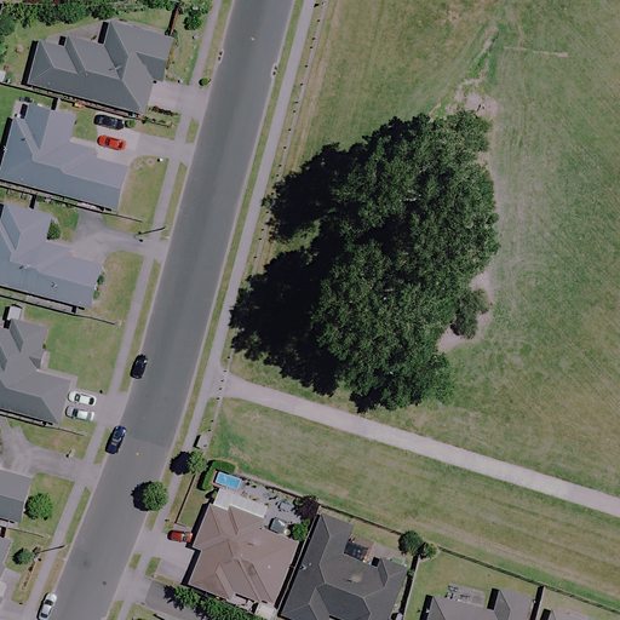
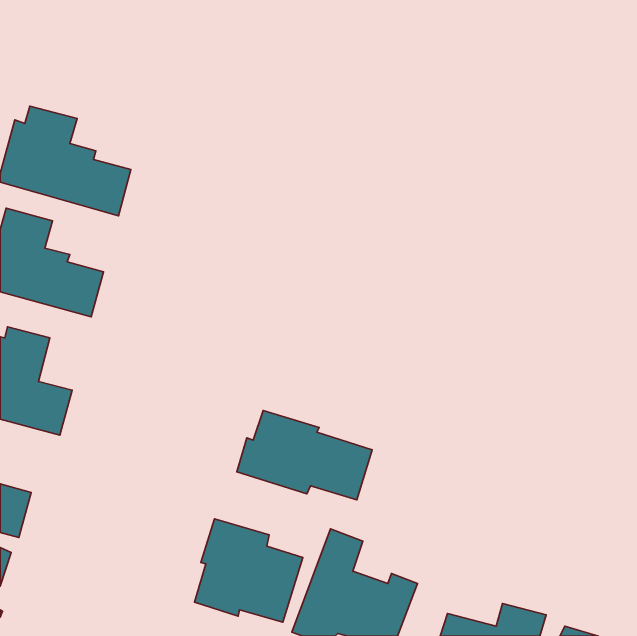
building: [29,21,173,113] -> none
building: none -> [237,411,372,500]

